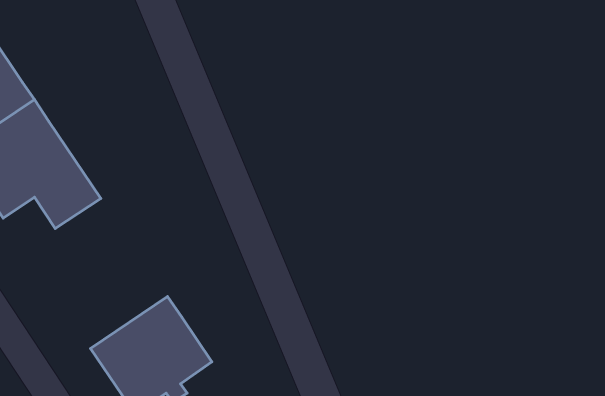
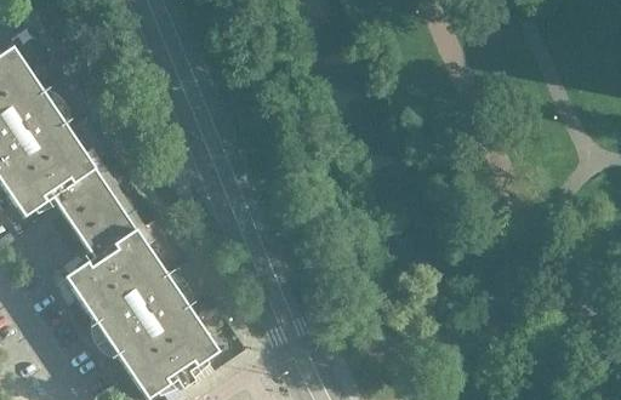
building: none -> [64,198,177,337]

